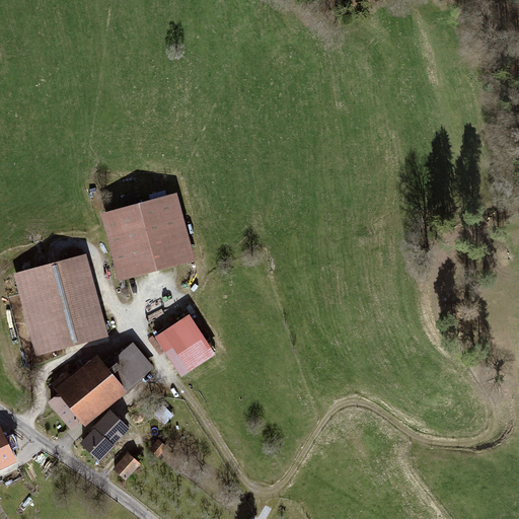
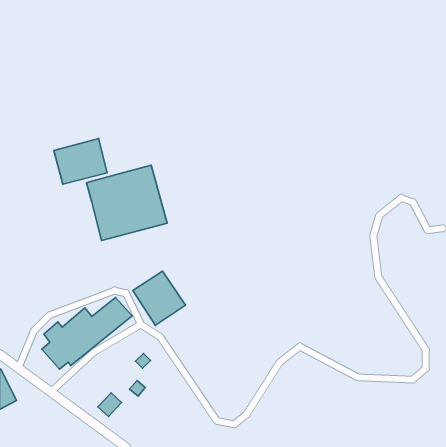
building: none -> [54,139,107,184]
building: [13,253,108,357] -> none
building: [79,413,130,462] -> none

